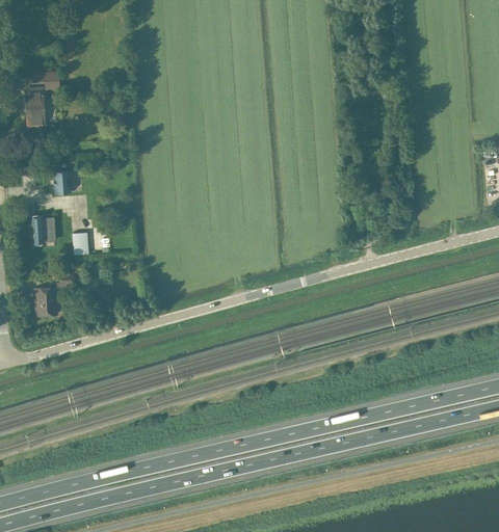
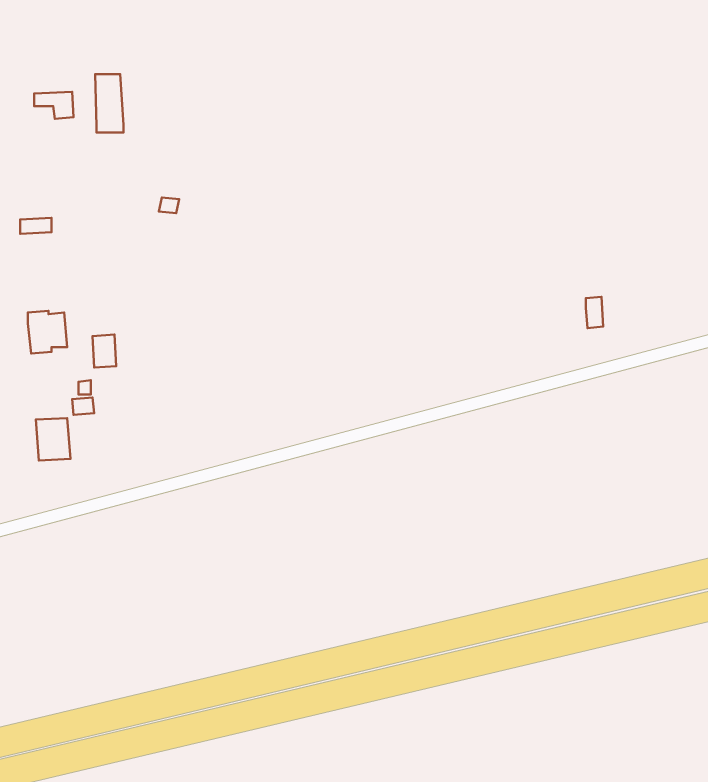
building: [25,89,44,128] -> [95,74,123,133]
building: [52,171,71,195] -> none

